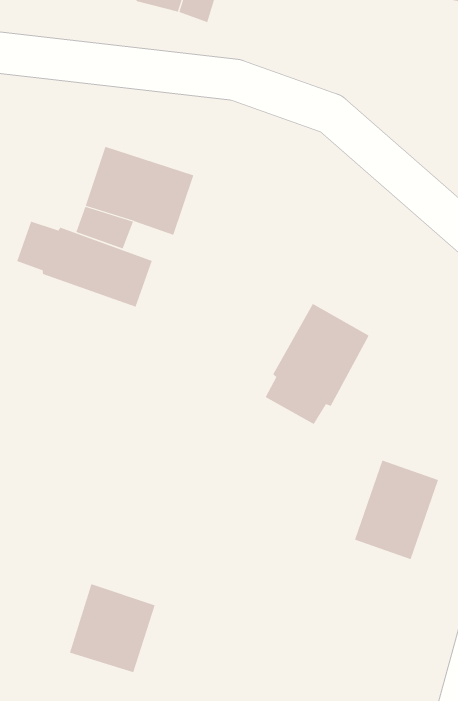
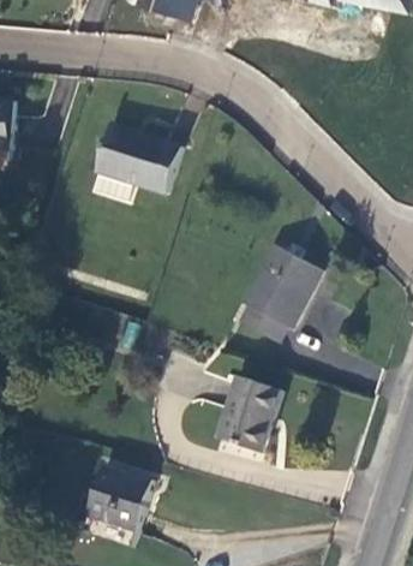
building: [16,221,153,308] -> none
building: [354,460,439,560] -> [215,373,281,451]

